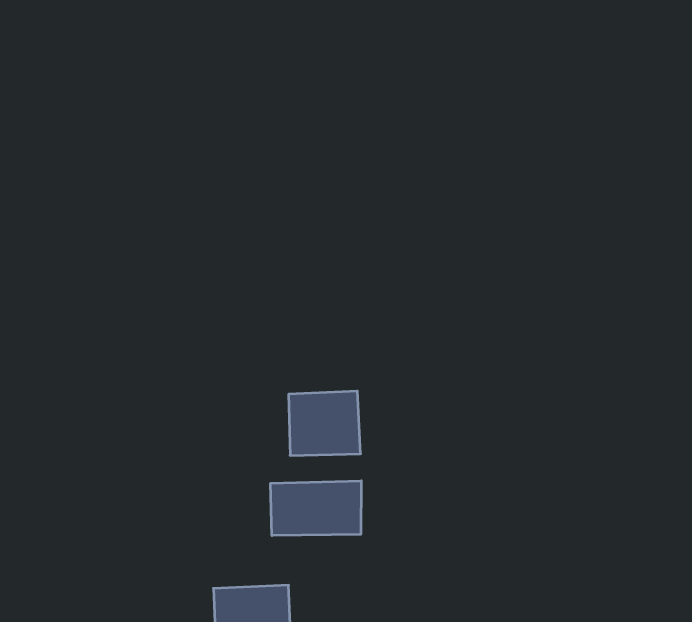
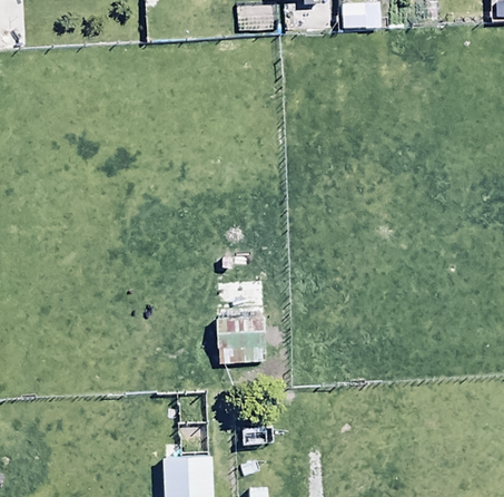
building: [271,481,361,536] -> none

